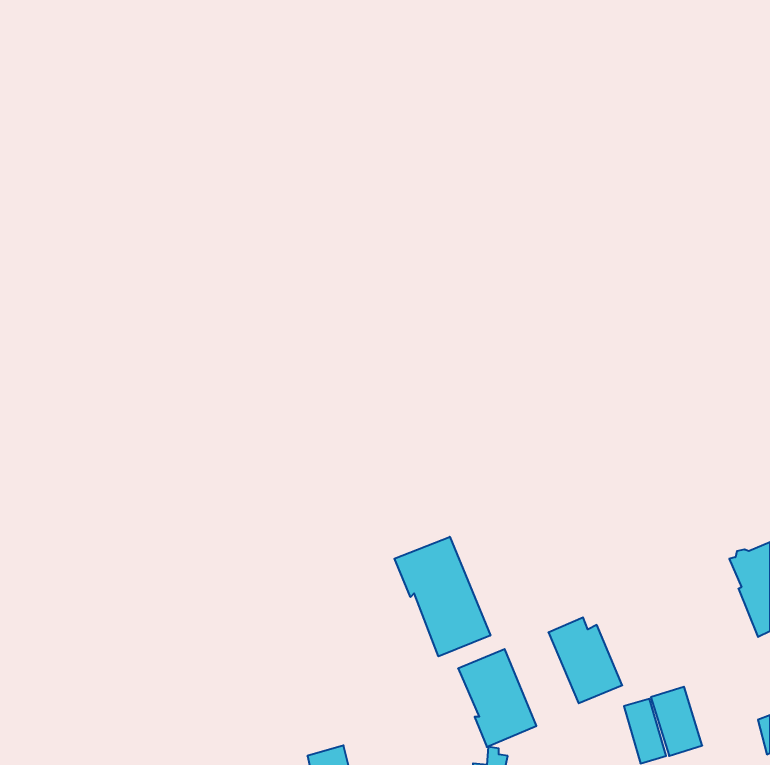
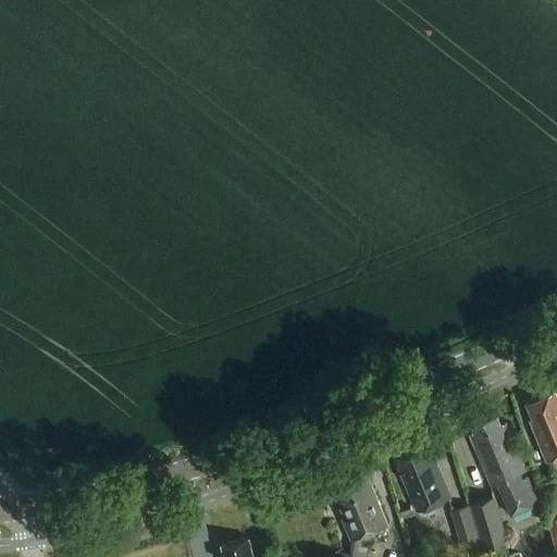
building: [394,537,490,656] -> none
building: none -> [471,418,534,520]

